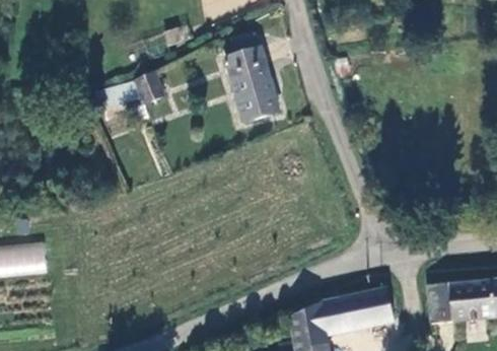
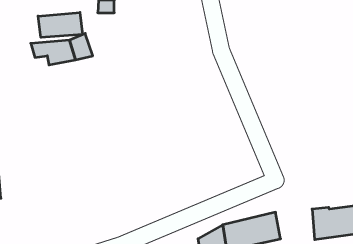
building: [226,44,283,119] -> none
building: none -> [38,12,82,37]

